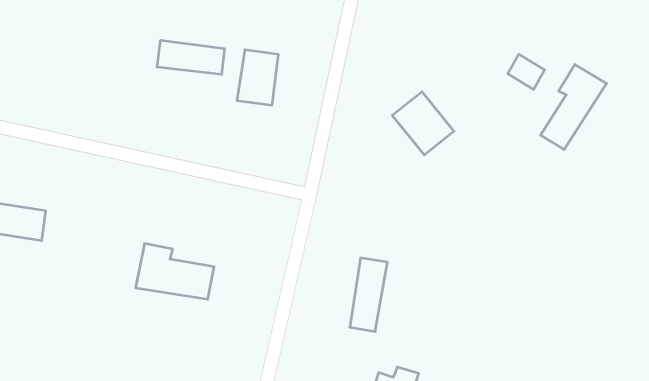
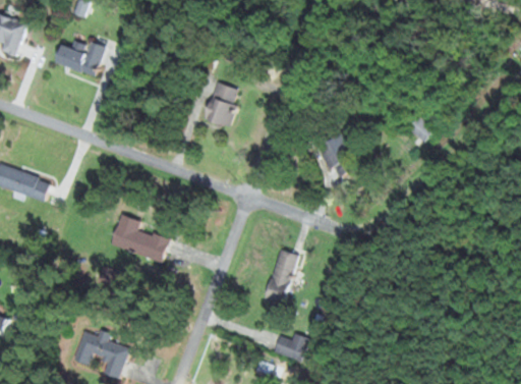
building: none -> [53,42,102,77]
building: [157,40,224,74] -> none
building: [541,64,607,150] -> none

